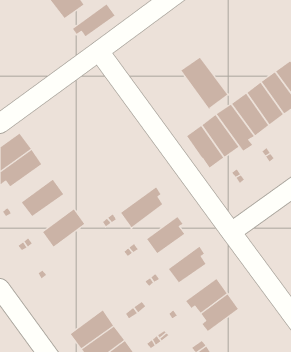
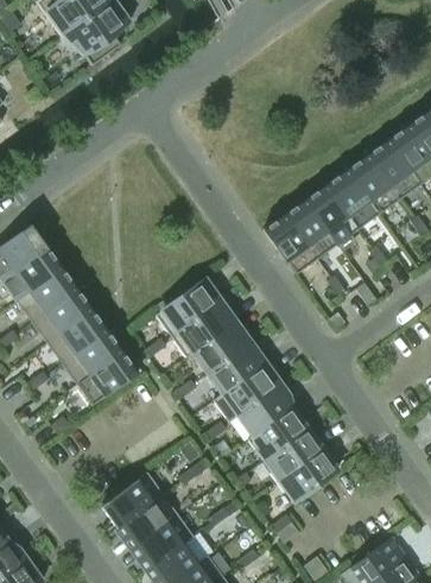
building: [72,4,116,37] -> none
building: [181,57,228,115] -> none
building: none -> [18,268,78,322]
building: none -> [157,278,223,336]
building: none -> [49,310,108,363]
building: none -> [188,324,253,373]
building: none -> [78,351,139,405]
building: none -> [215,366,284,422]
building: none -> [249,407,308,460]

